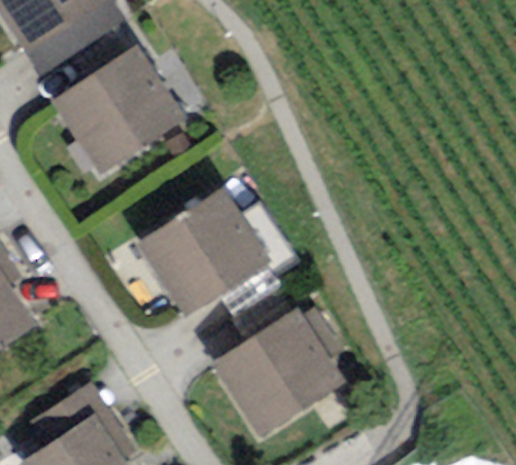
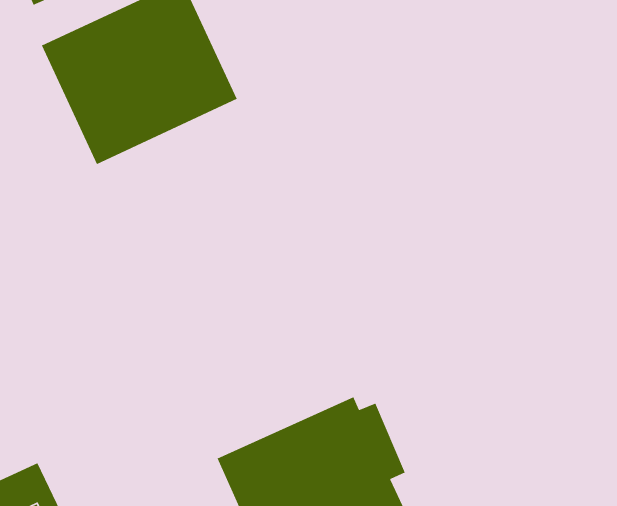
building: [136,187,274,320] -> none

